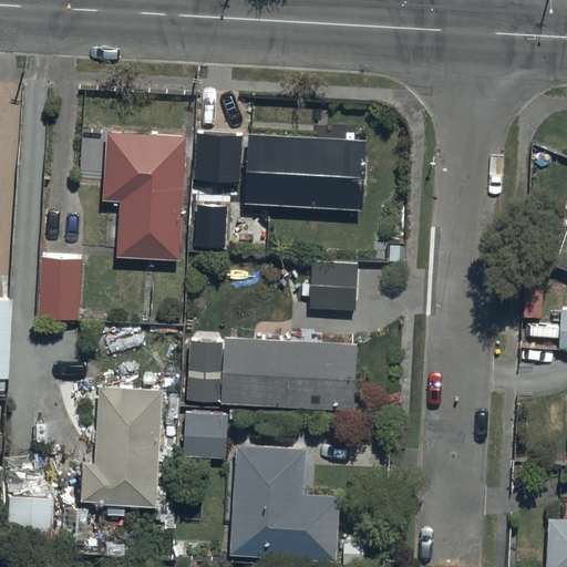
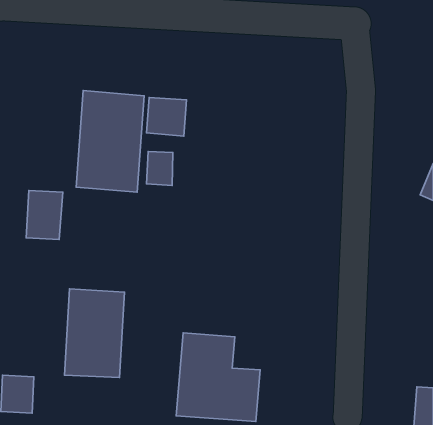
building: [245,128,368,207] -> none
building: [309,264,354,316] -> none
building: [189,332,358,411] -> none
building: [184,419,227,464] -> none

